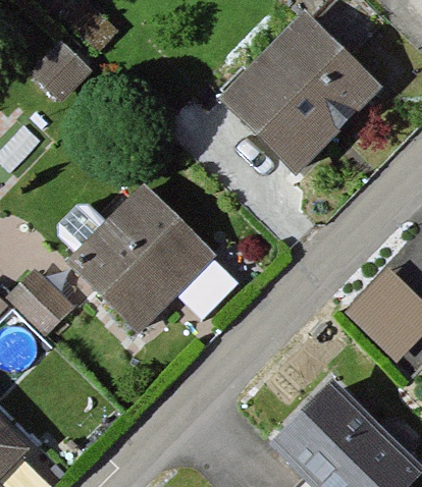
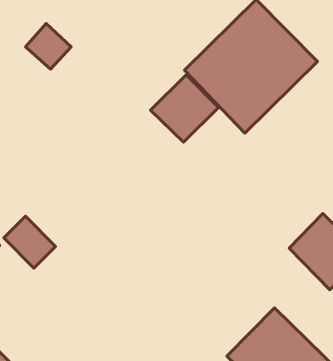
building: none -> [150,75,219,142]
building: [69,184,216,331] -> none

